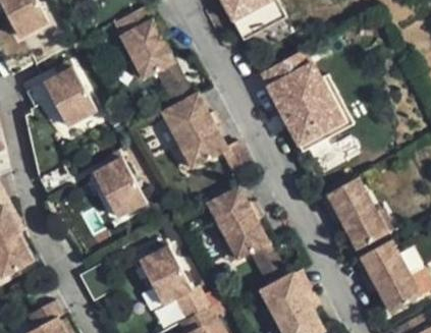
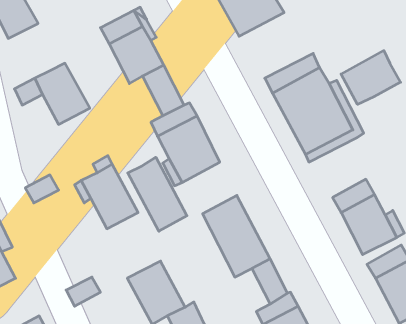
building: none -> [341,51,401,104]
building: none -> [128,157,187,231]

